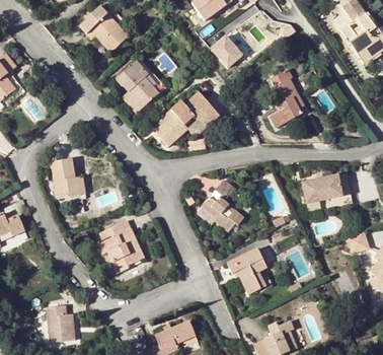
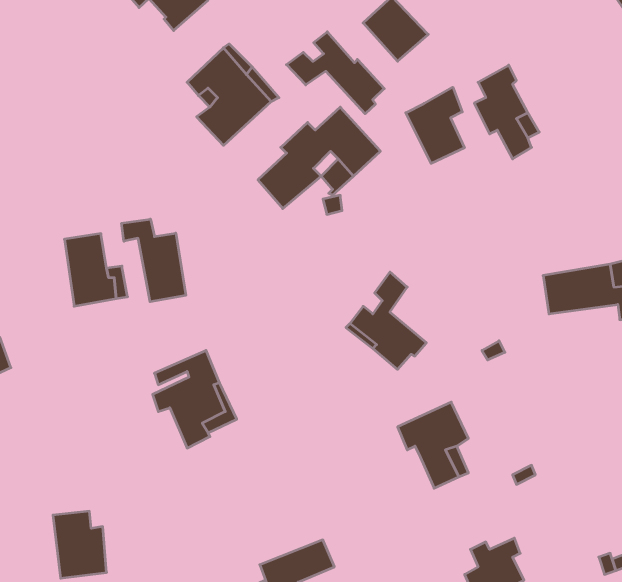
building: none -> [286,32,384,114]
building: none -> [406,87,464,163]
building: none -> [122,219,186,302]

